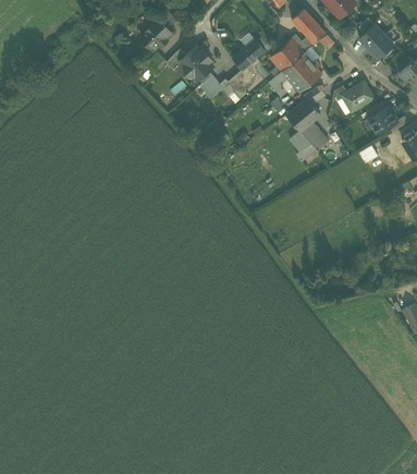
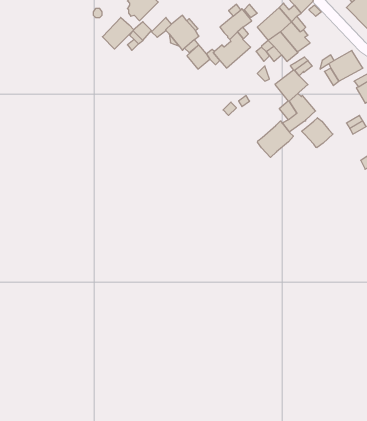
building: none -> [102,17,134,49]
building: none -> [302,118,333,148]
building: none -> [257,121,293,157]

